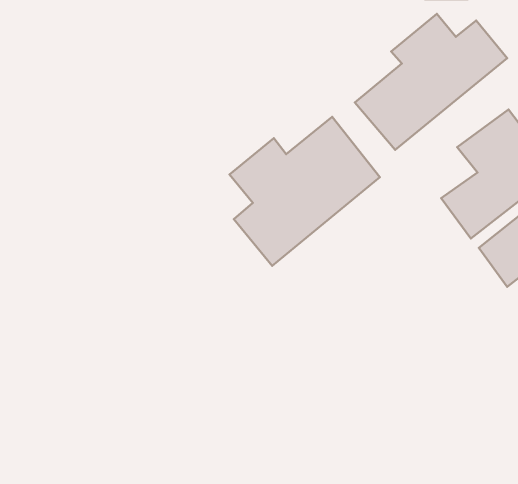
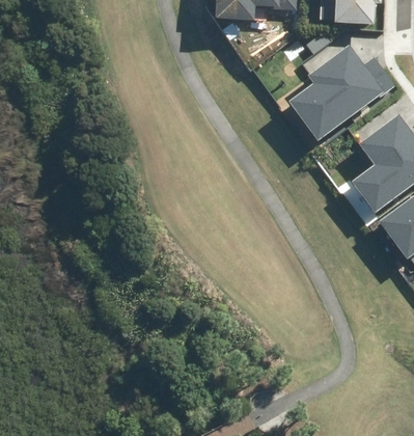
building: [230,117,380,266] -> none

